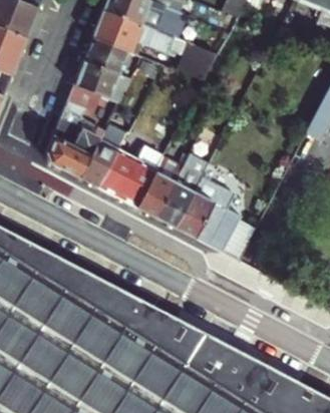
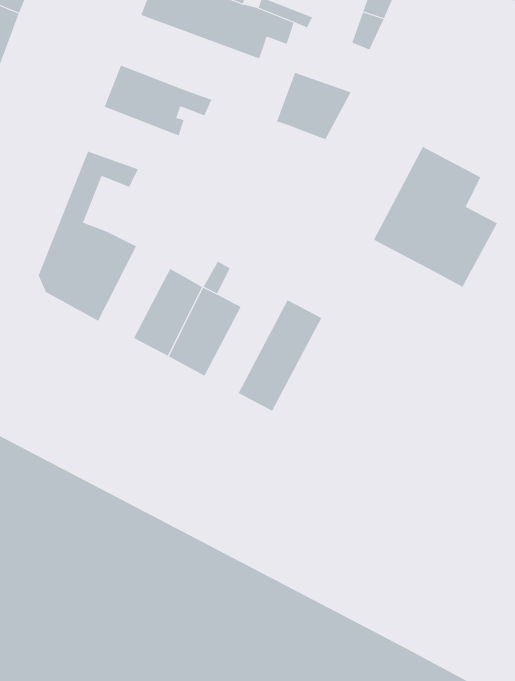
building: [92,10,185,54] -> none
building: [74,60,131,101] -> none
building: [80,121,128,186] -> none
building: [138,155,184,217] -> none
building: [176,175,244,253] -> [373,146,498,287]

